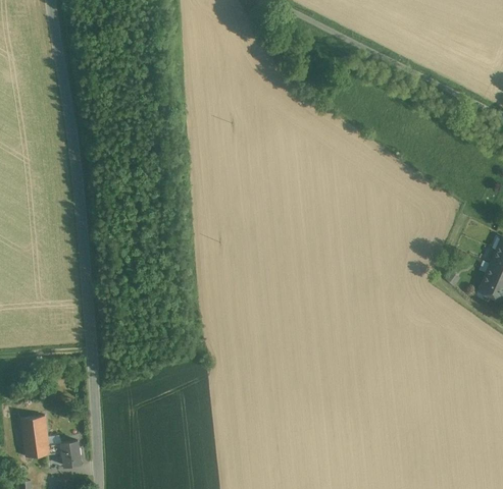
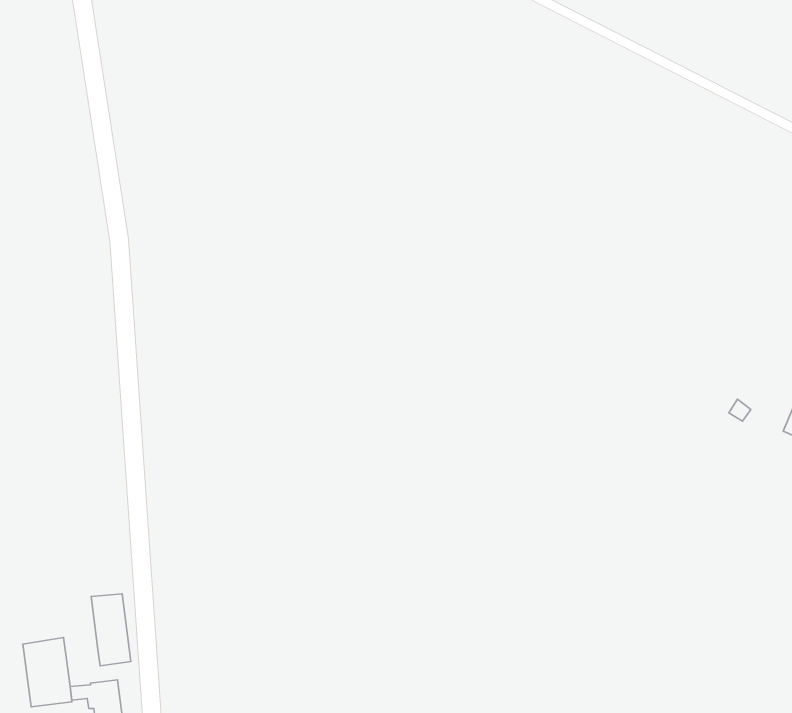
building: none -> [91,594,131,666]

